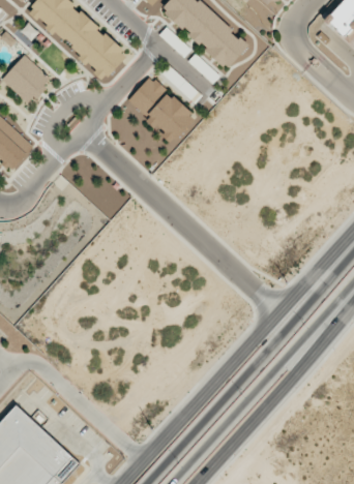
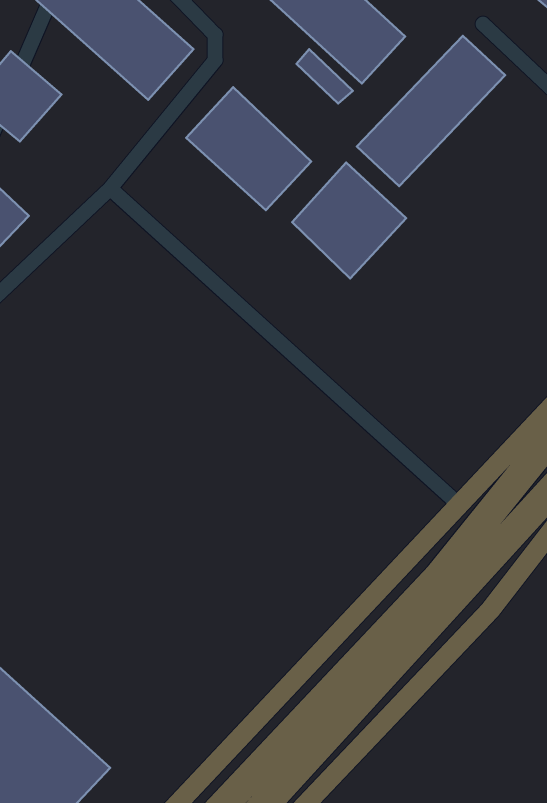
building: none -> [357,36,505,186]
building: none -> [292,162,406,278]

